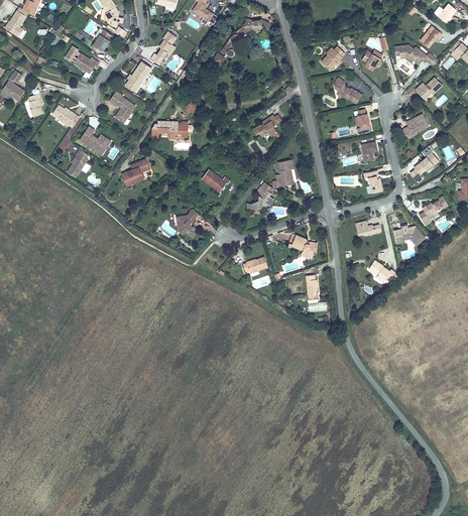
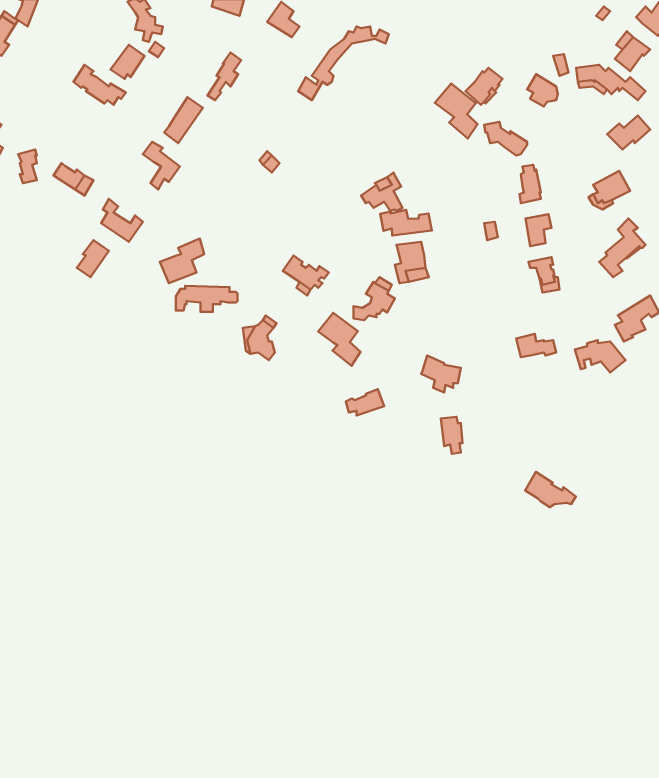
building: none -> [435,84,478,139]
building: [152,120,193,137] -> [176,286,237,312]
building: none -> [380,210,432,235]
building: none -> [318,313,360,366]
building: [365,258,398,281] -> [525,472,576,507]

